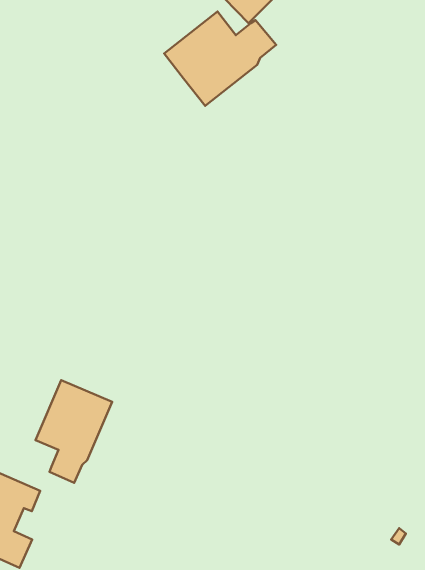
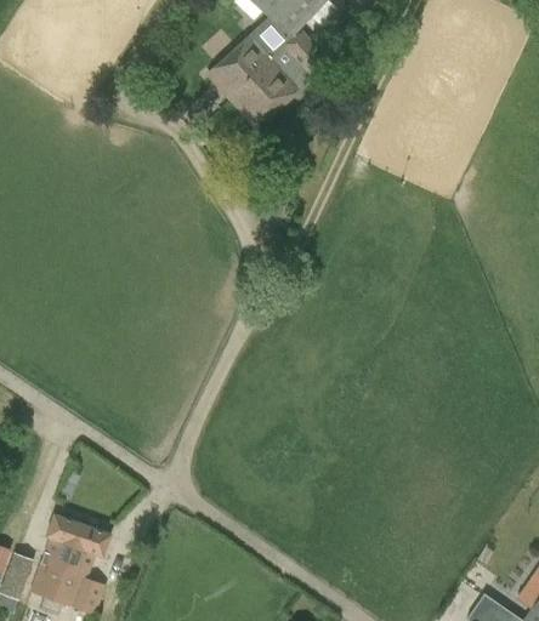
building: [36,380,112,483] -> none

